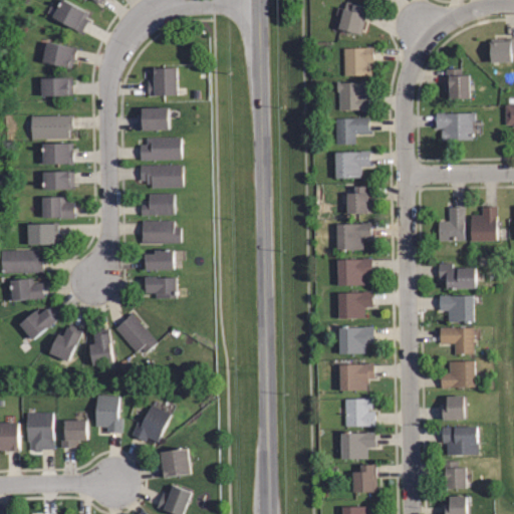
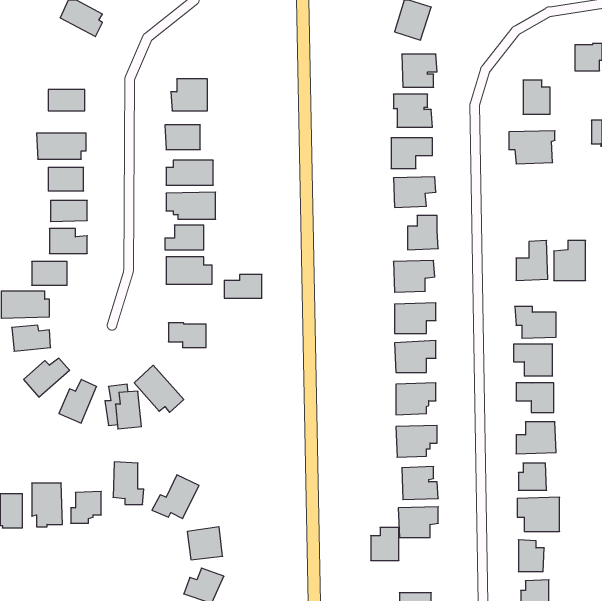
building: [43,41,78,68] -> none
building: [142,249,174,269] -> [224,275,262,298]
building: [351,464,375,492] -> [371,527,399,560]

